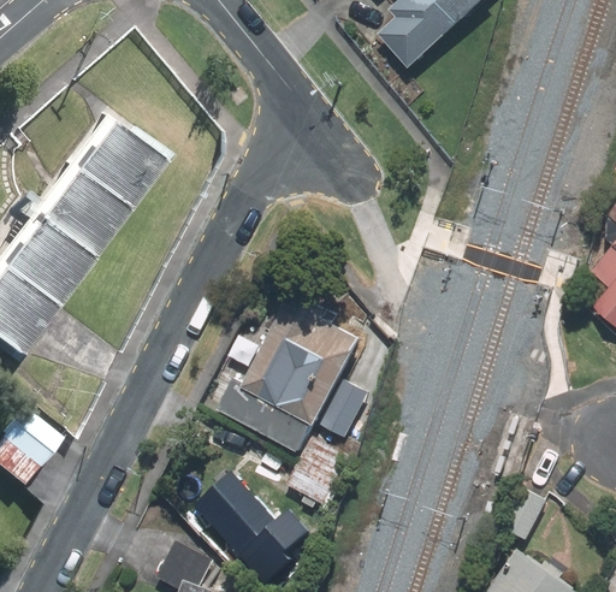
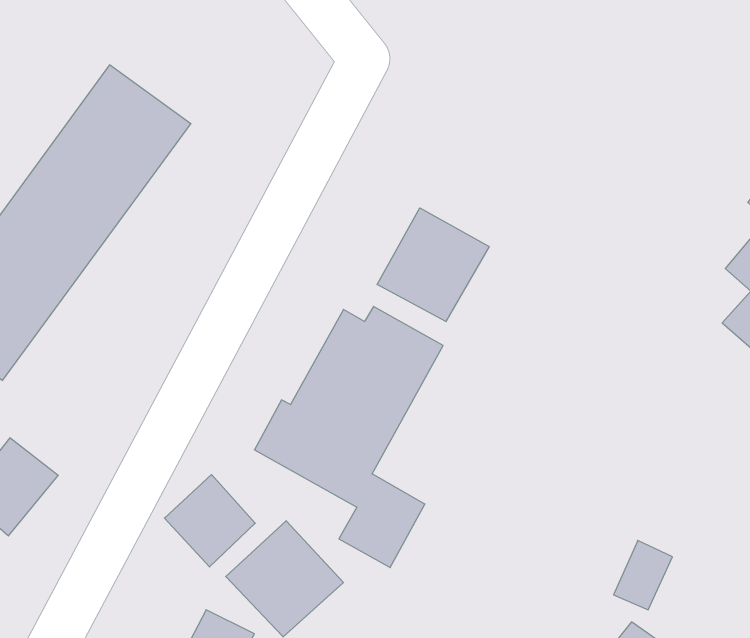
building: none -> [377,208,489,322]
building: none -> [164,475,255,567]

